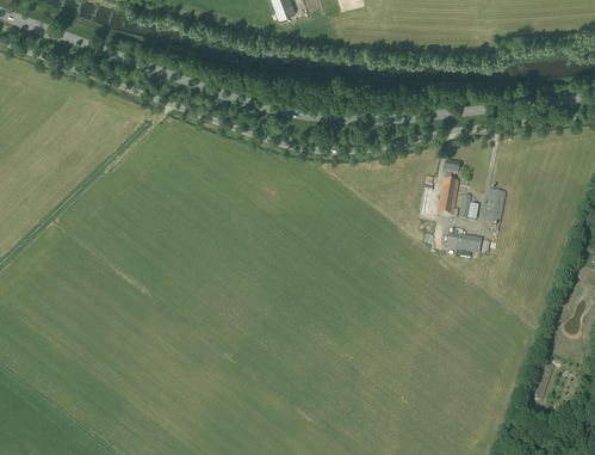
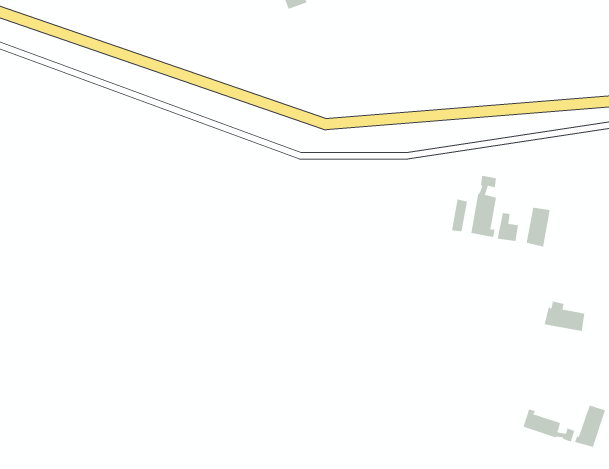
building: [446,228,482,254] -> [544,301,585,331]
building: none -> [523,409,575,442]

